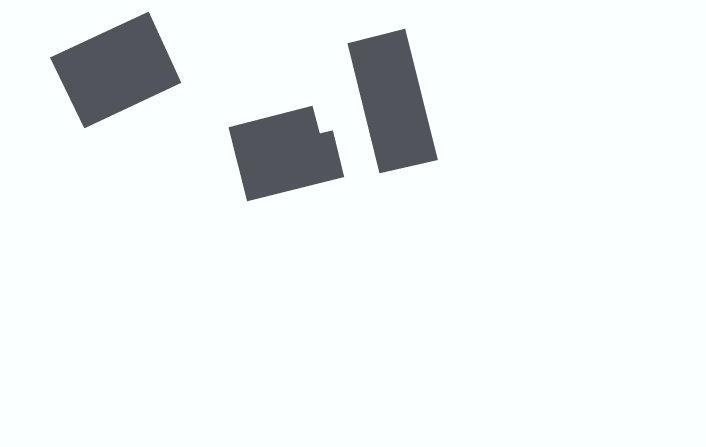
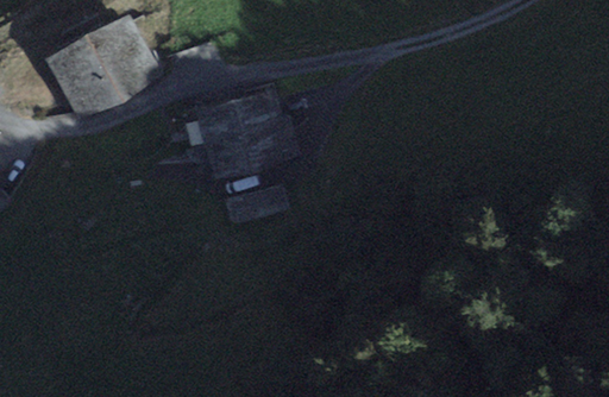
building: [346,28,439,174] -> none

